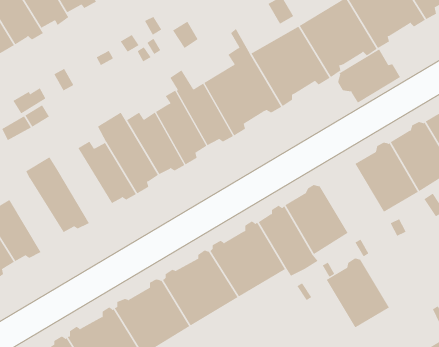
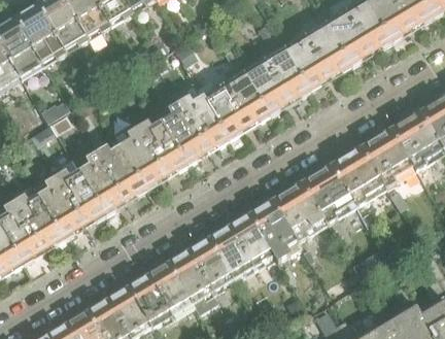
building: [338,49,401,104] -> none
building: none -> [79,150,125,214]
building: none -> [38,176,83,239]
building: [326,258,390,328] -> [302,163,356,223]

